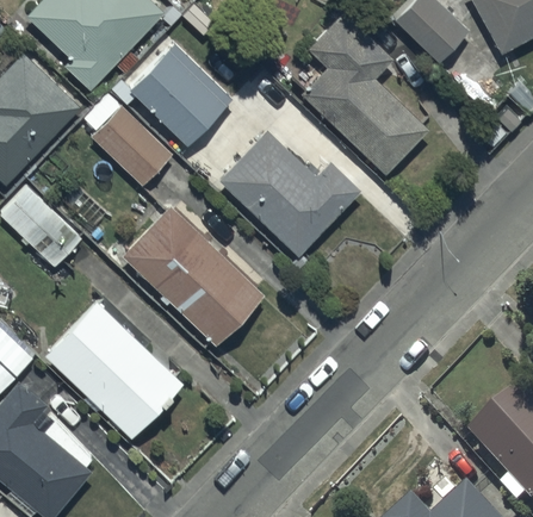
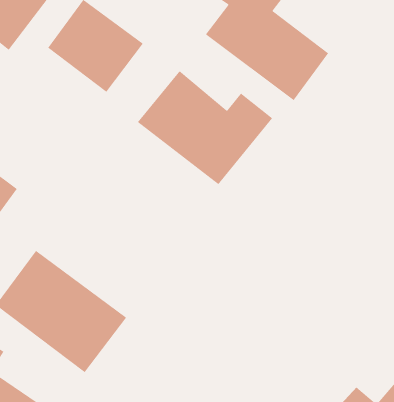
building: [91,105,174,187] -> none
building: [122,207,265,348] -> none

